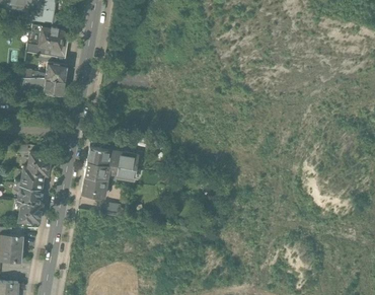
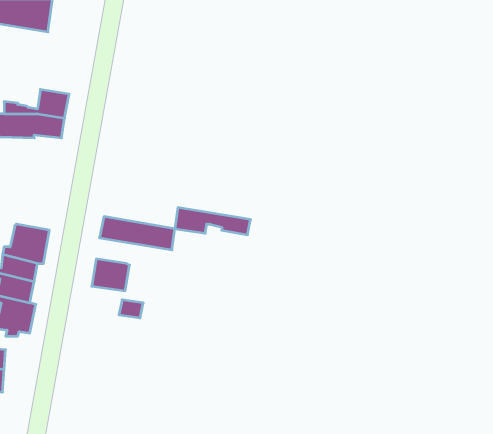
building: [25,24,69,58] -> none
building: [85,161,136,179] -> [175,208,251,235]

